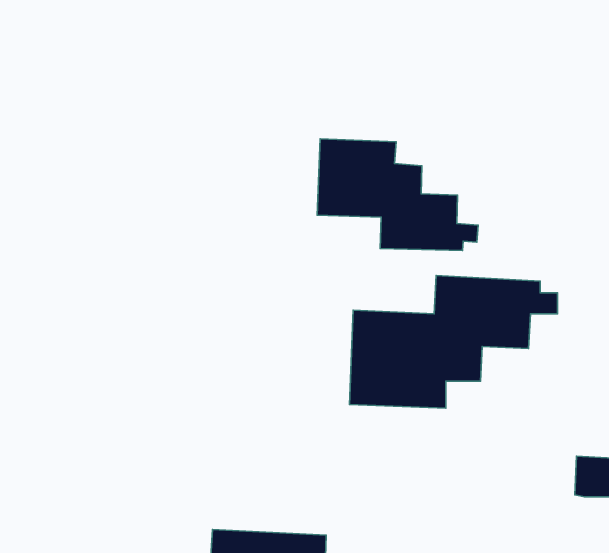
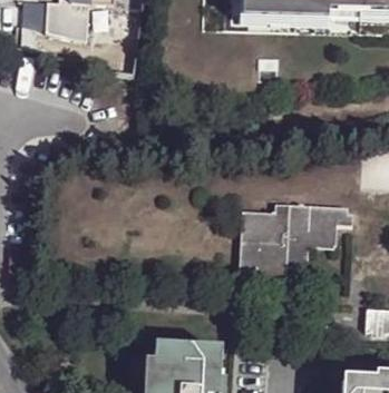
building: [317,139,478,250] -> none

